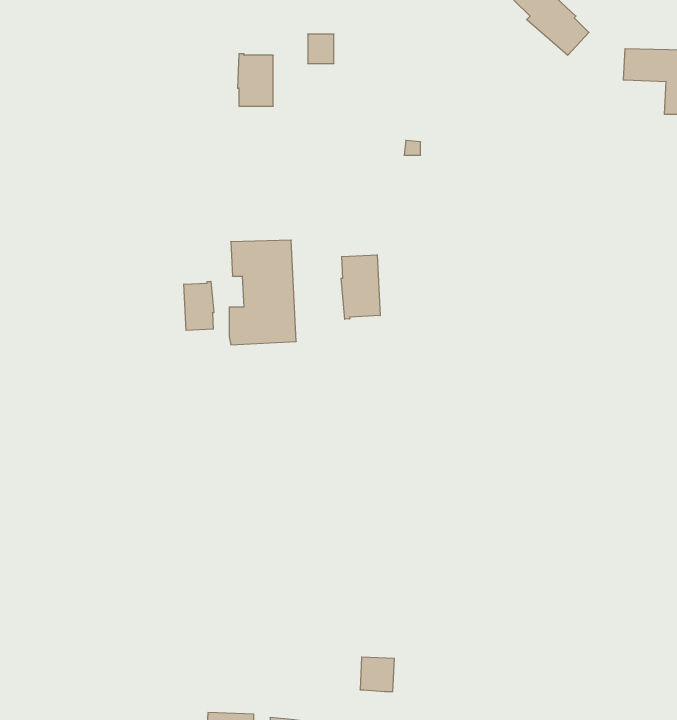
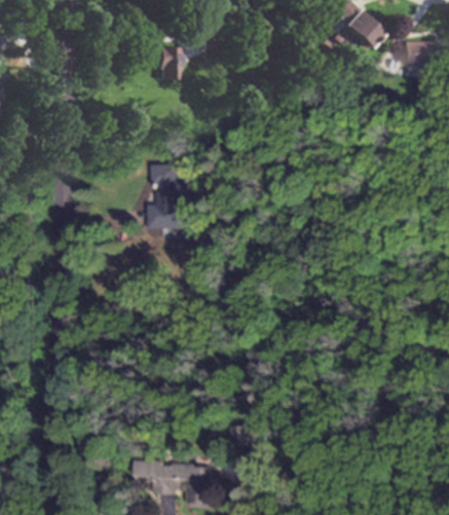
building: [341,255,380,319] -> none
building: [184,281,214,330] -> none

